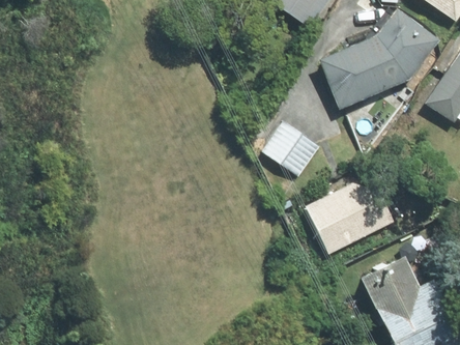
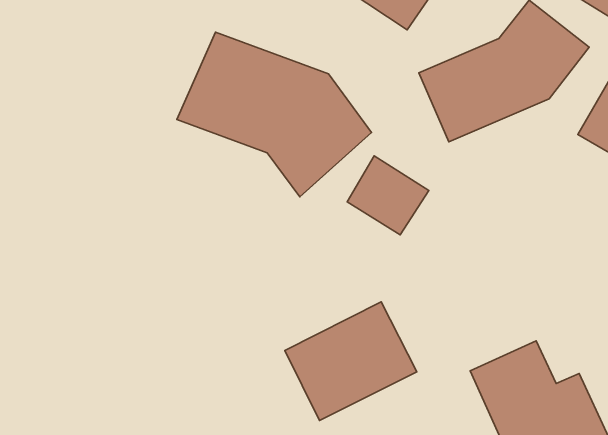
building: none -> [177,32,372,197]
building: [304,171,399,257] -> [285,302,417,421]

